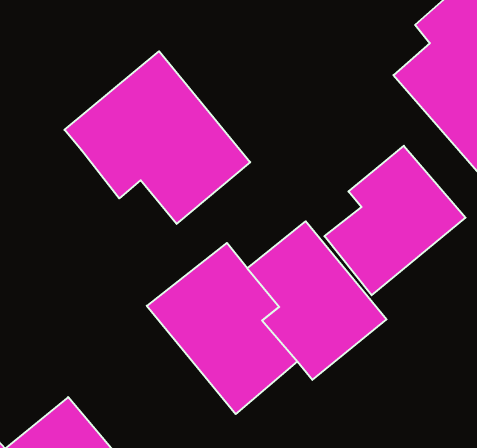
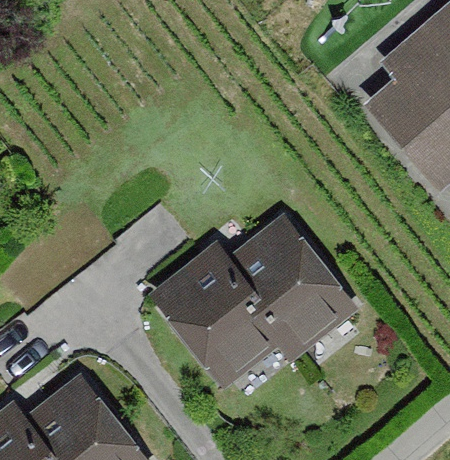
building: [64,51,250,224] -> none
building: [324,146,466,295] -> none

